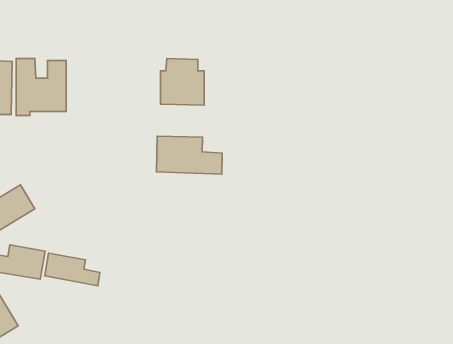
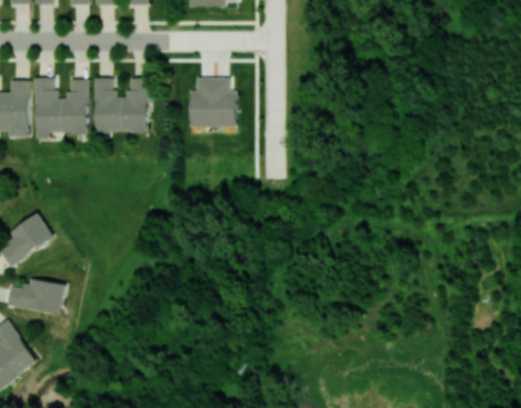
building: none -> [94,77,147,132]
building: [157,136,222,174] -> none
building: [45,253,100,286] -> none

